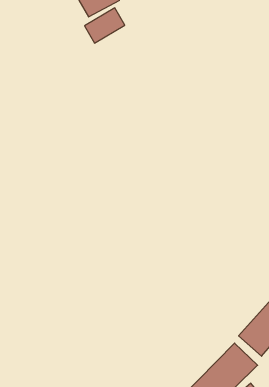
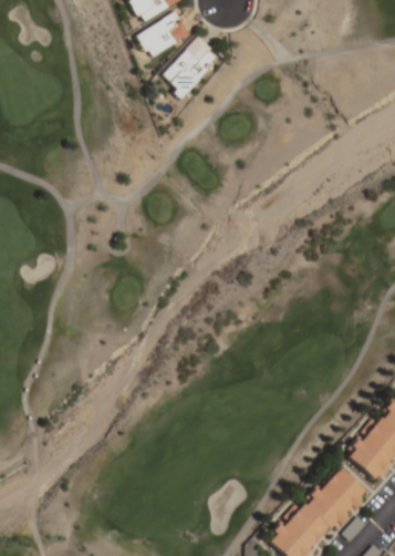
building: none -> [165,35,222,100]

